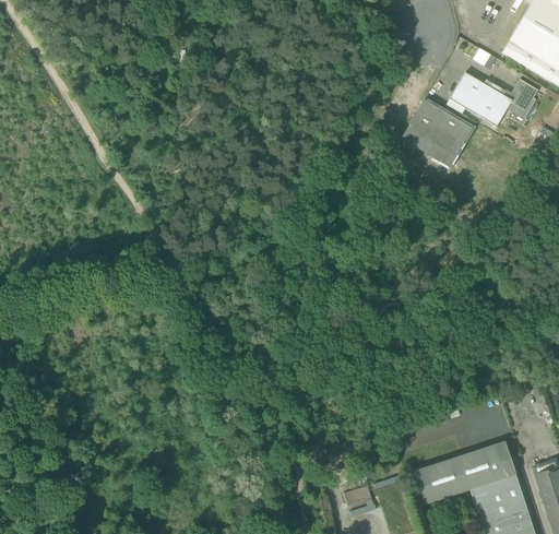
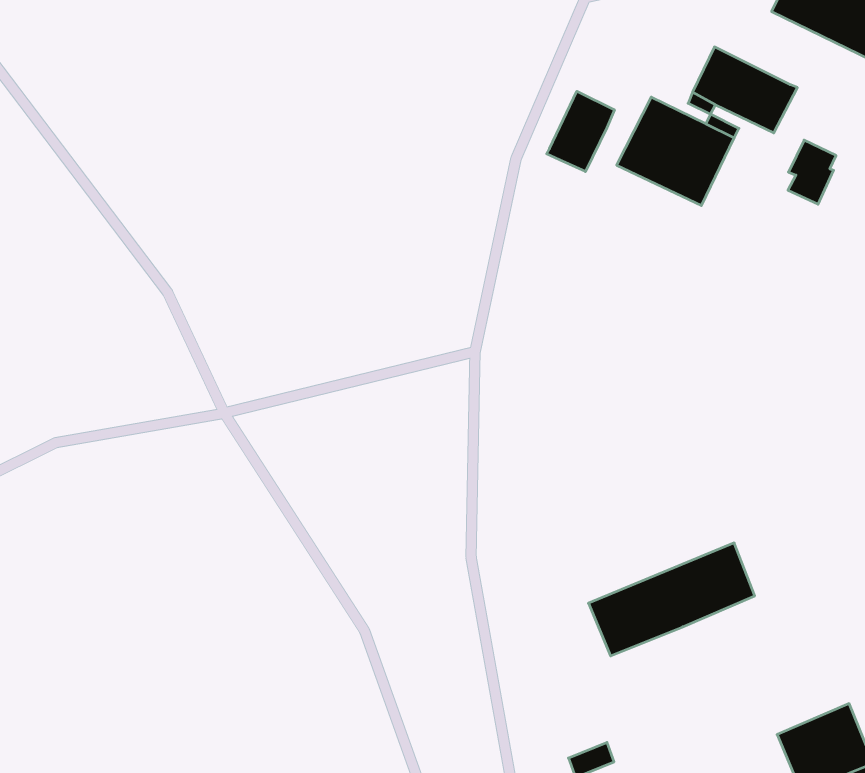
building: [508,80,538,119] -> [788,140,836,204]
building: none -> [547,91,614,172]
building: [415,441,515,503] -> [588,543,755,656]

